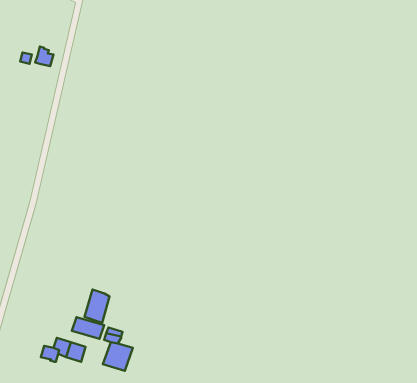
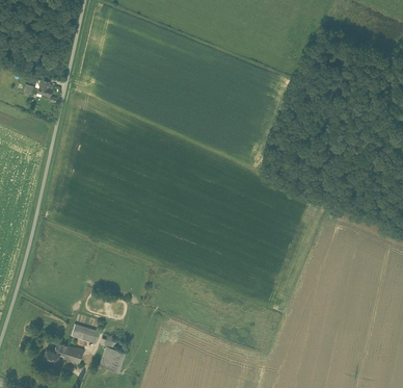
building: [85,289,109,323] -> none

